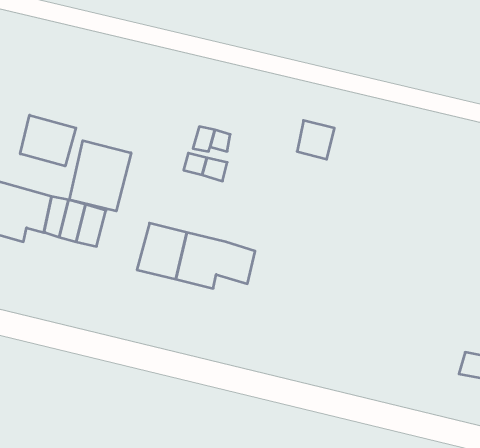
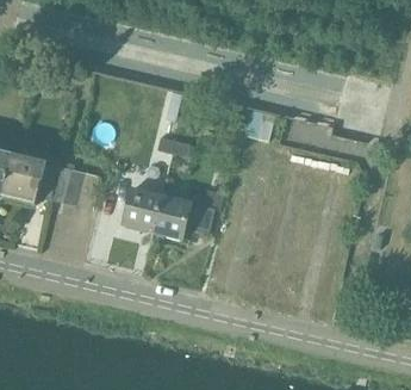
building: [20,115,76,166] -> none
building: [69,141,131,211] -> none

